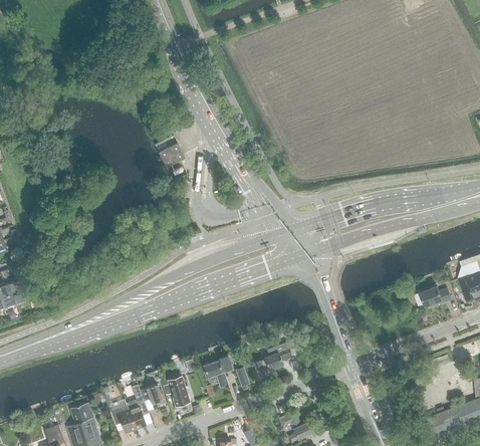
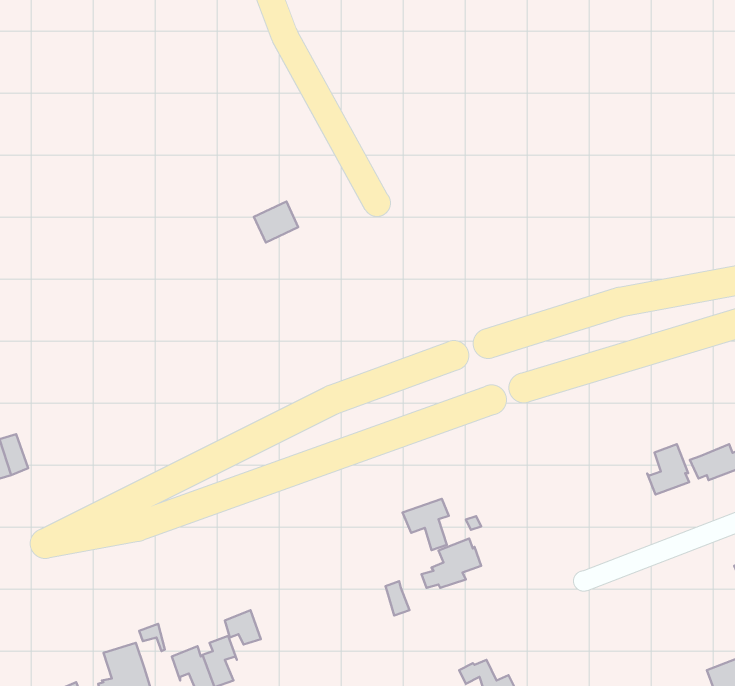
building: none -> [647,444,689,494]
building: [202,357,229,387] -> [403,499,449,550]
building: [160,375,190,407] -> none

